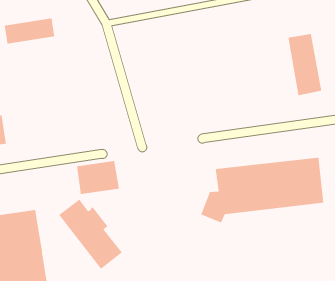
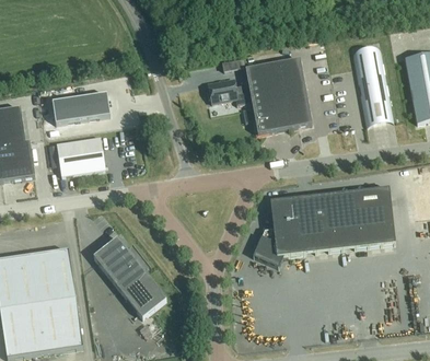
building: [4,17,55,45] -> [51,91,109,121]
building: none -> [204,57,311,131]
building: [76,160,120,195] -> [56,135,105,174]

